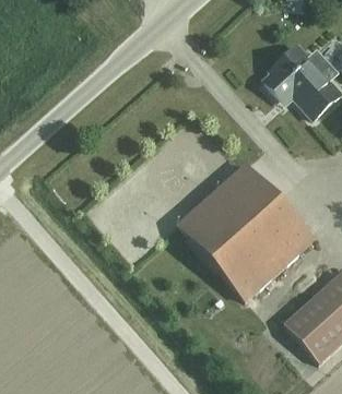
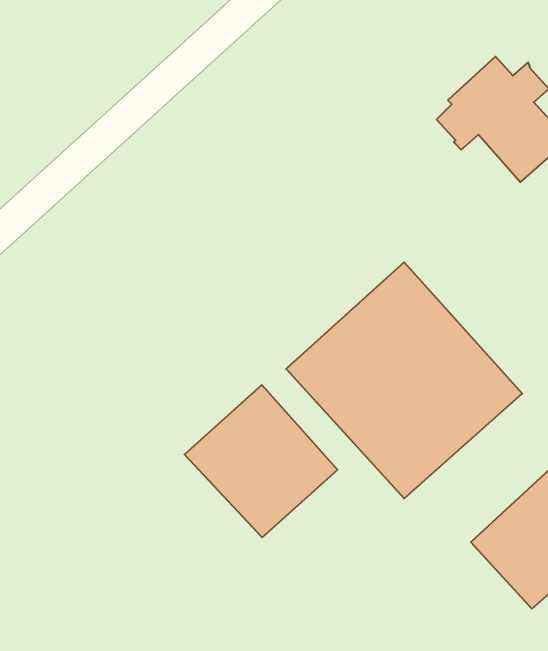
building: none -> [184,385,337,537]

